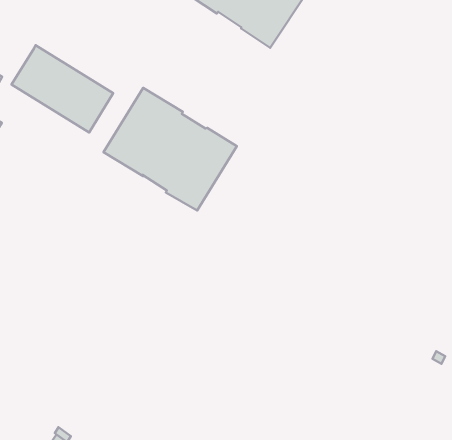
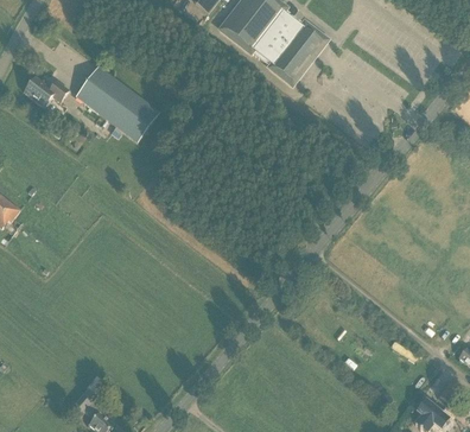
building: [104,88,237,210] -> none

